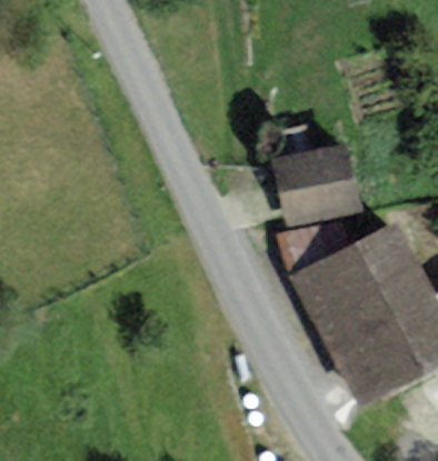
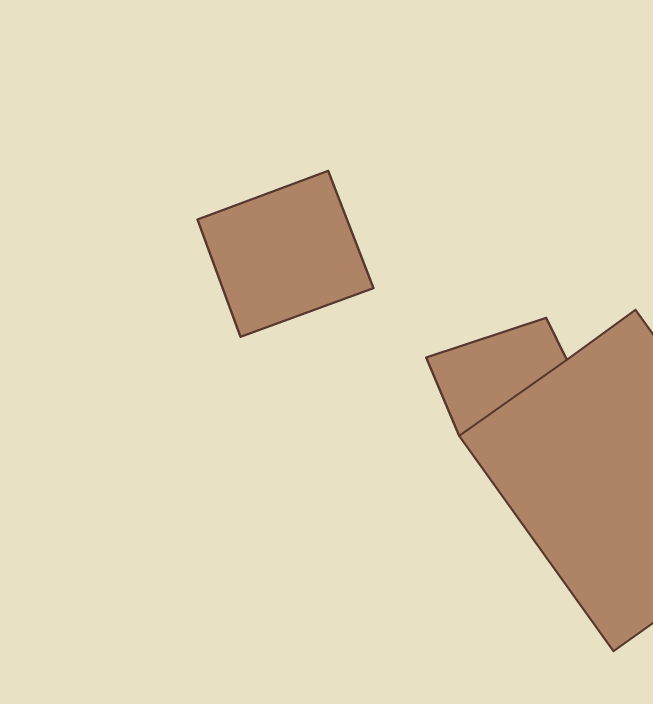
building: [272,141,366,228] -> [197,171,374,337]

